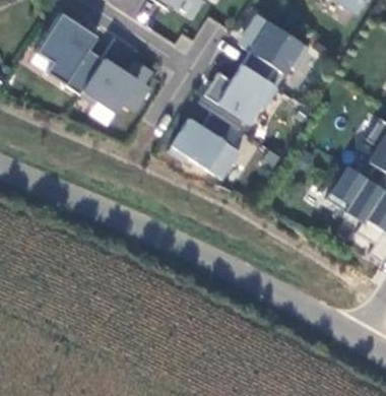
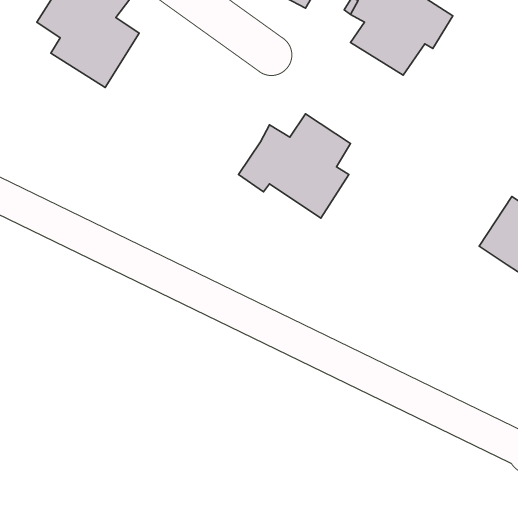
building: [81,59,153,114] -> none
building: [204,65,279,124] -> none

